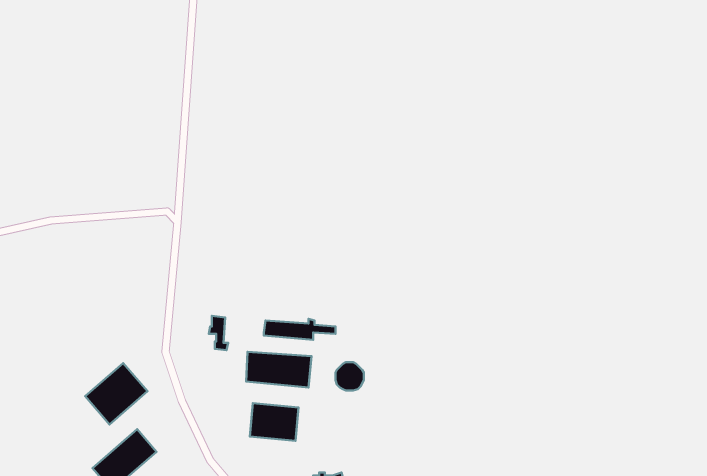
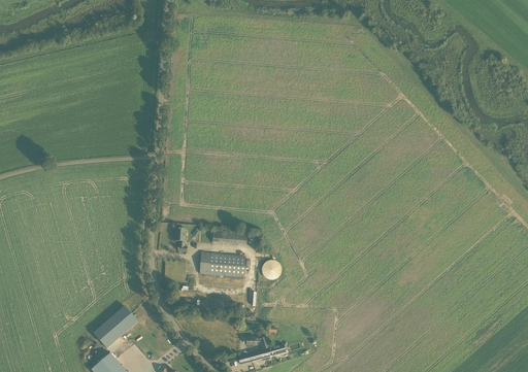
building: [85,363,148,424] -> none
building: [250,403,299,441] -> none

